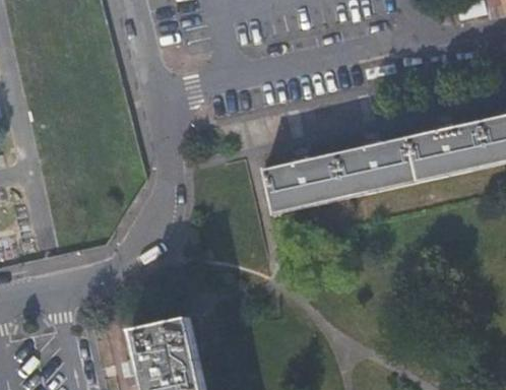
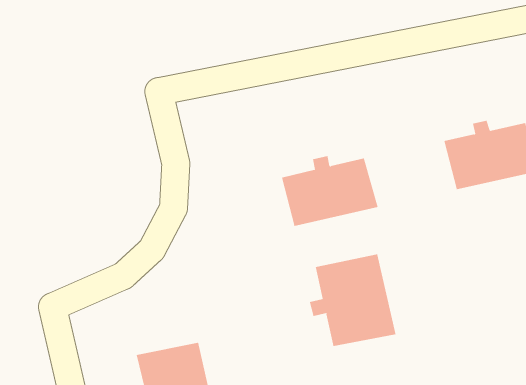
building: [332,135,414,197] -> none
building: none -> [309,254,396,347]

